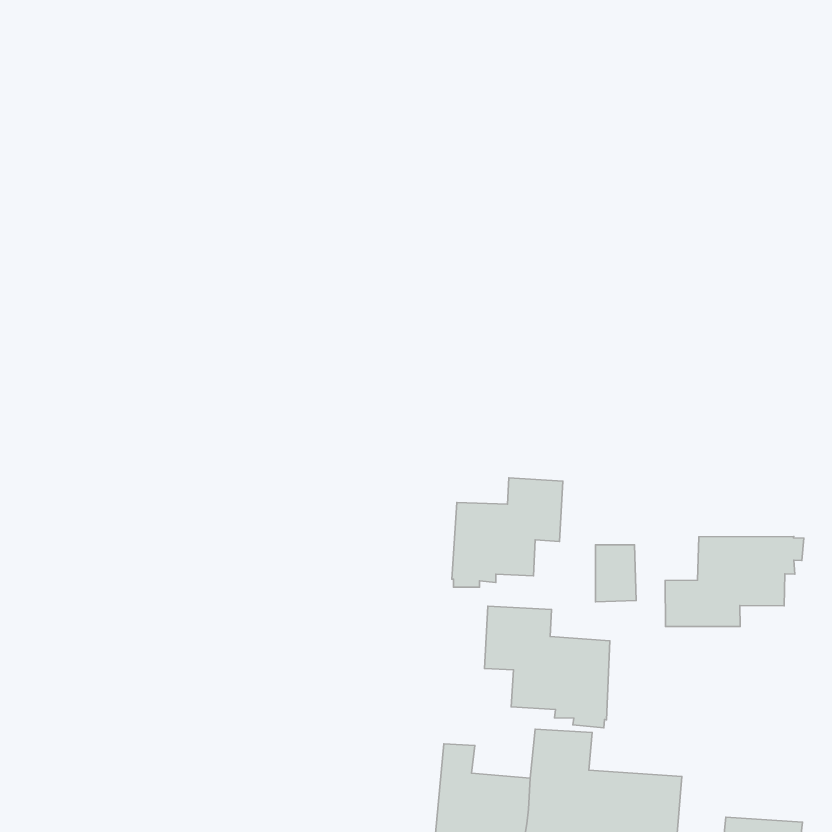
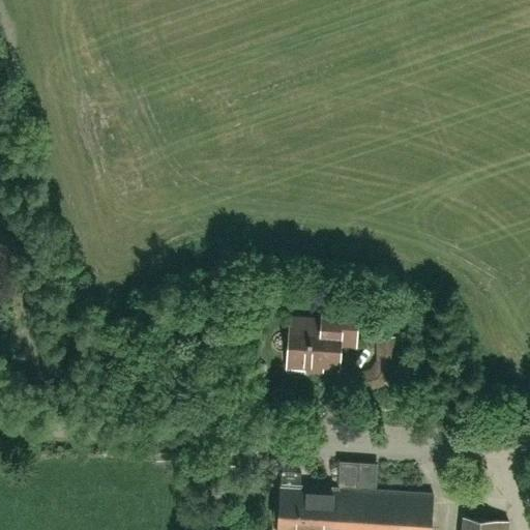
building: [665,536,804,626] -> none
building: [484,606,610,728] -> none

